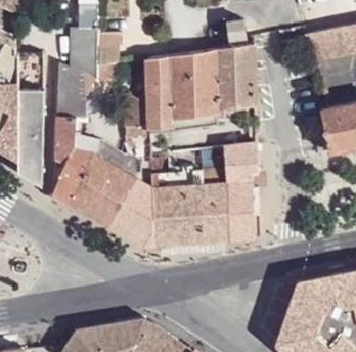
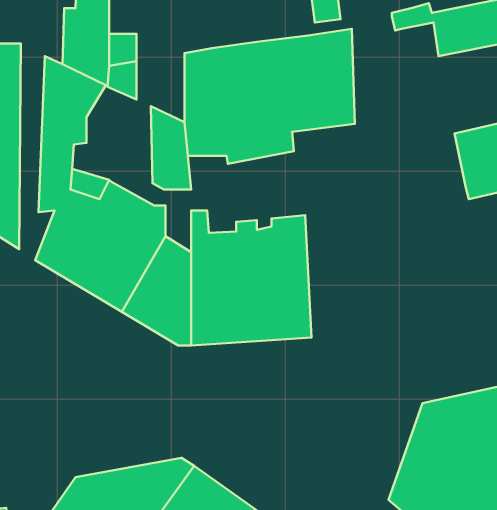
building: [223,144,258,241] -> none

